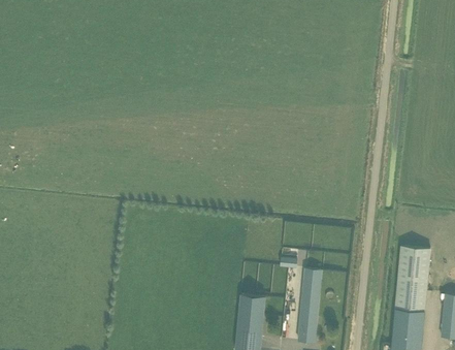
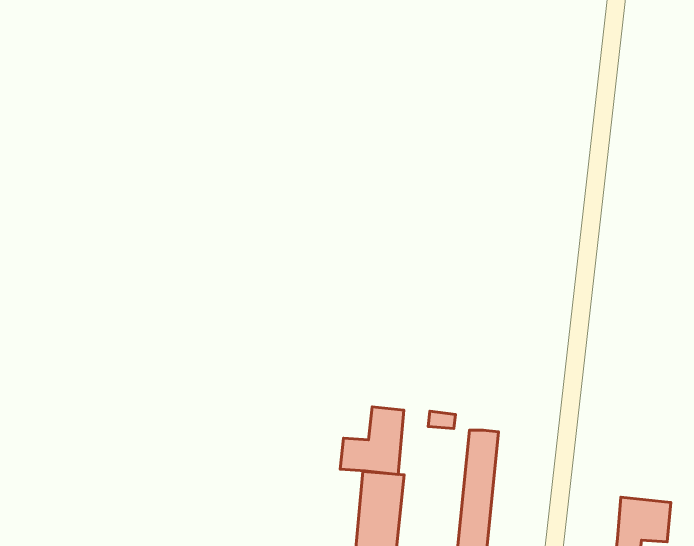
building: [394,248,430,314] -> none
building: none -> [340,407,404,474]

